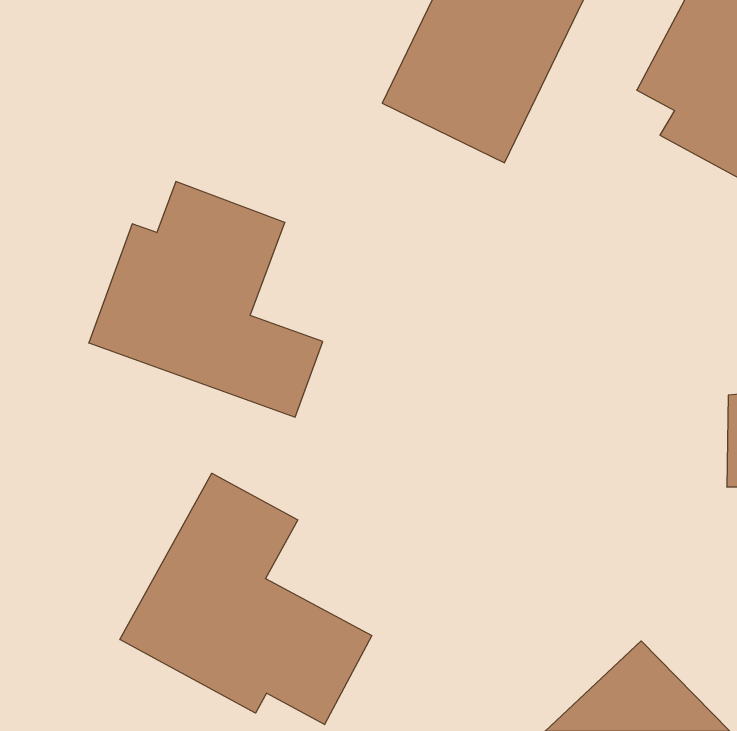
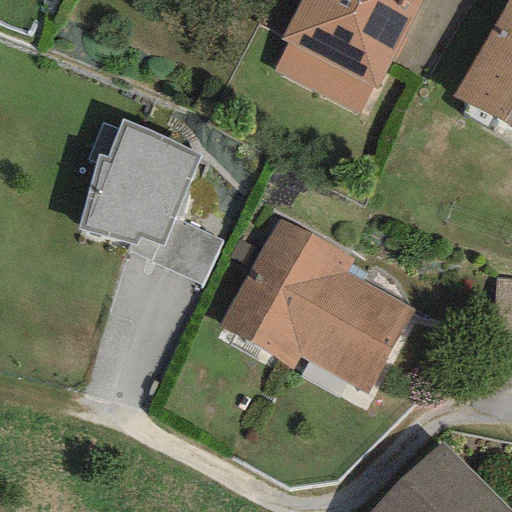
building: none -> [223,215,419,393]
building: [120,473,372,725] -> none

